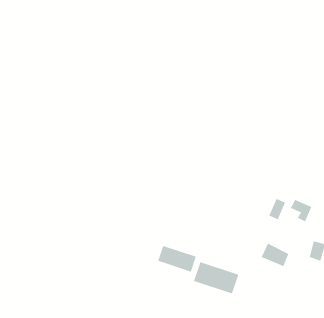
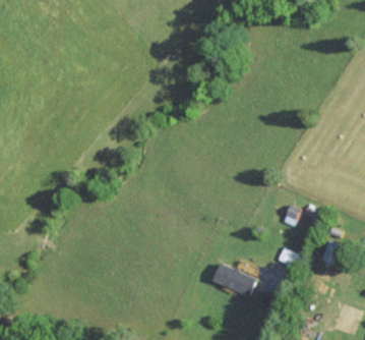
building: [157,245,196,272] -> none

